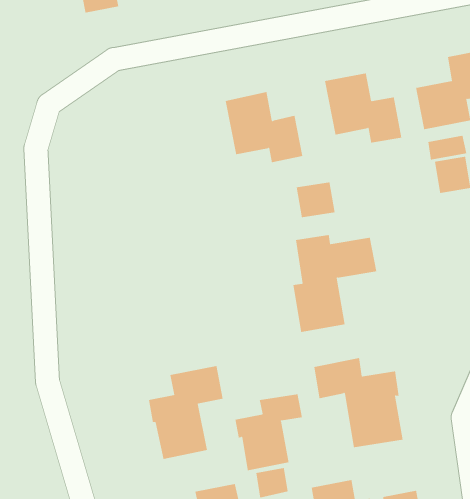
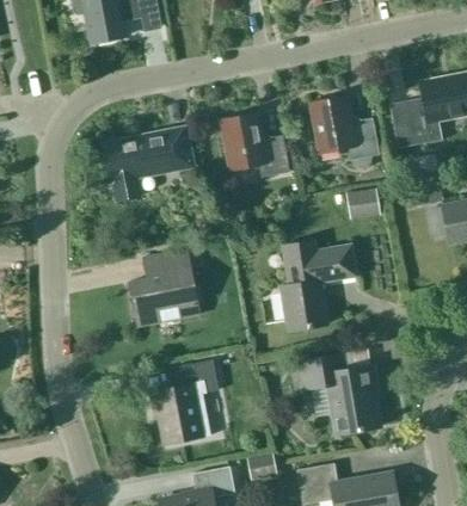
building: none -> [103,128,193,200]
building: [296,182,336,218] -> [345,185,381,217]
building: none -> [129,249,199,327]
building: [235,393,303,471] -> none

